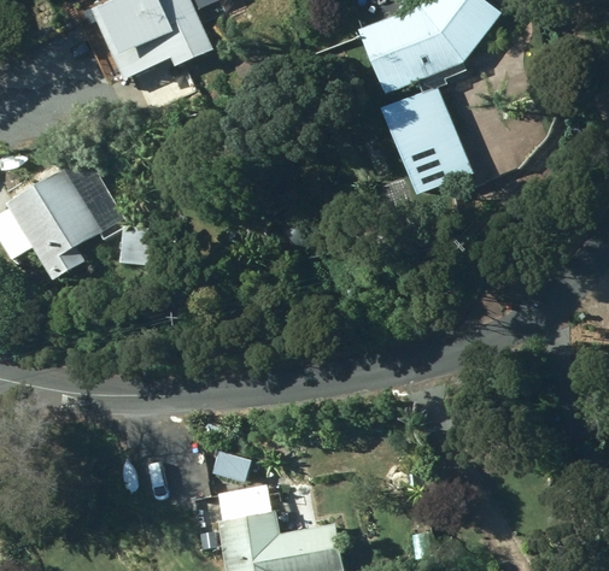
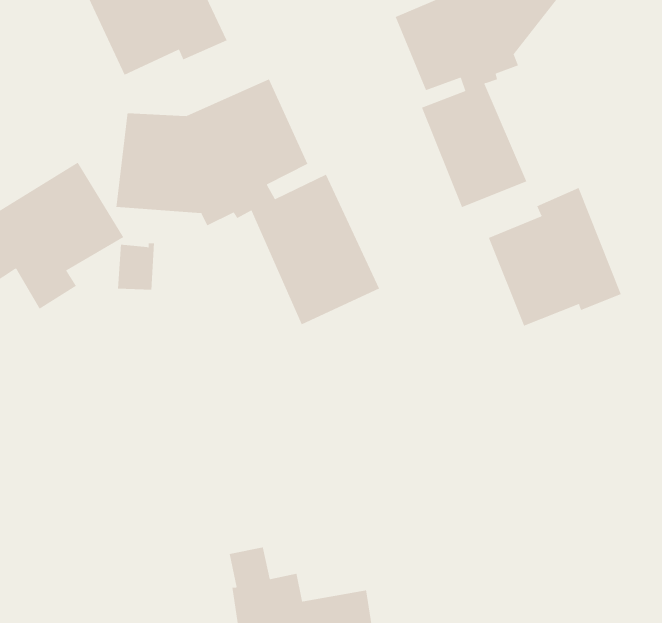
building: none -> [116,79,380,325]
building: none -> [488,187,622,326]

